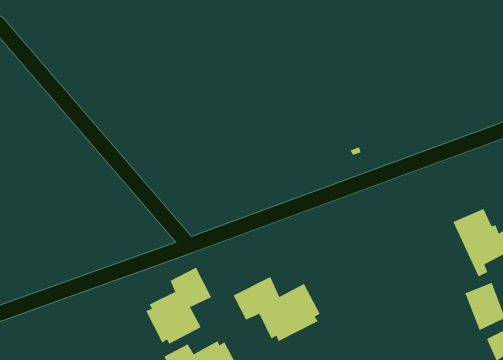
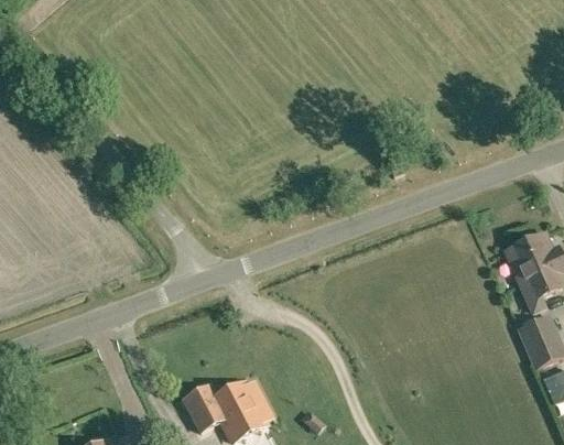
building: [146,267,212,344] -> none
building: [233,276,320,342] -> none

